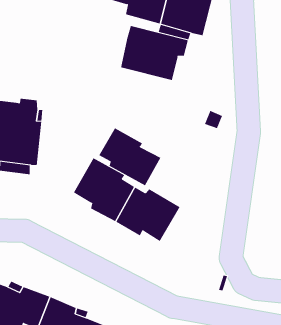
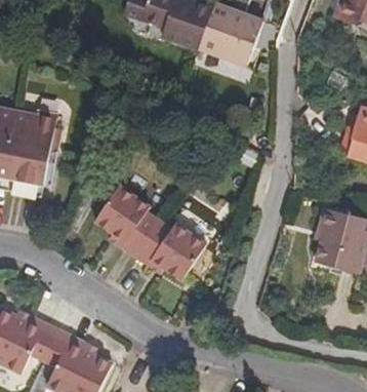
building: [121,25,188,81] -> none
building: [98,128,161,186] -> none

